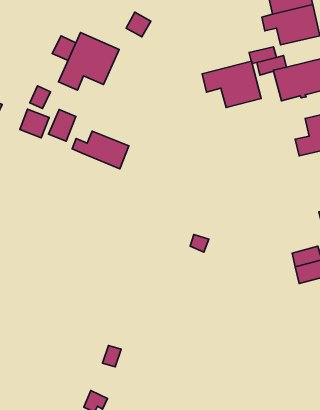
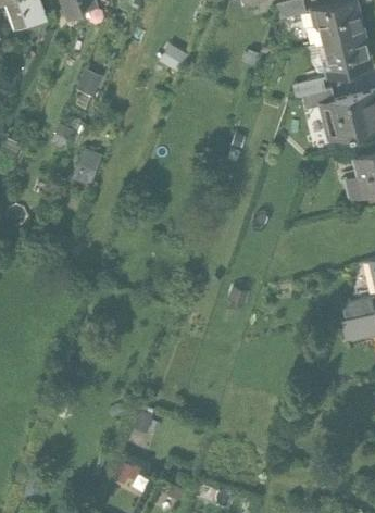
building: [59,32,119,90] -> none
building: [202,61,261,107] -> none
building: [20,109,49,138] -> none
building: [72,131,129,169] -> none

